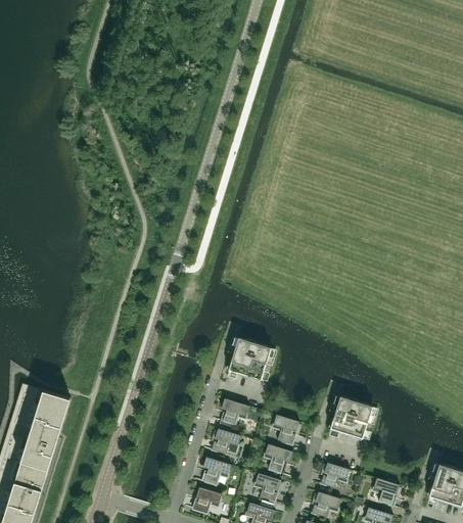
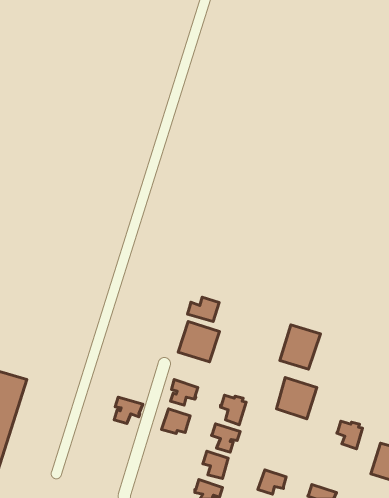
building: none -> [188,297,219,321]
building: none -> [280,325,320,369]
building: [202,458,232,485] -> [114,397,143,424]
building: [321,463,351,488] -> none
building: [373,478,400,507] -> [337,421,362,449]
building: [193,487,223,513] -> none

